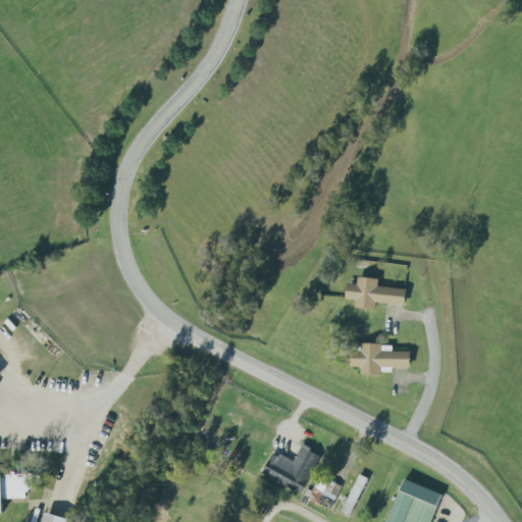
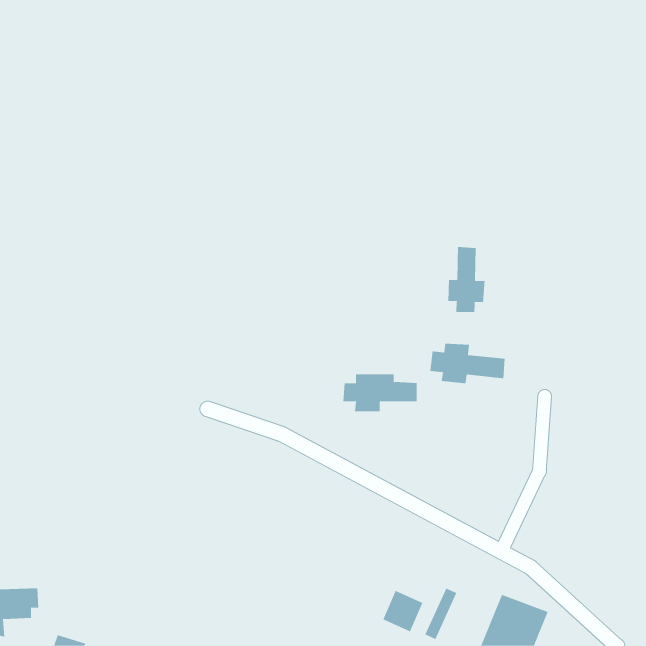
building: none -> [448,246,485,313]
building: [351,344,411,374] -> [343,374,417,412]
building: [262,445,320,492] -> none

